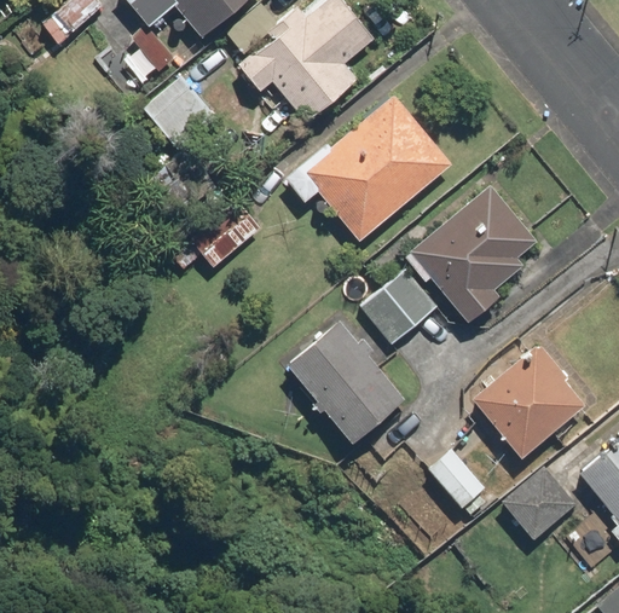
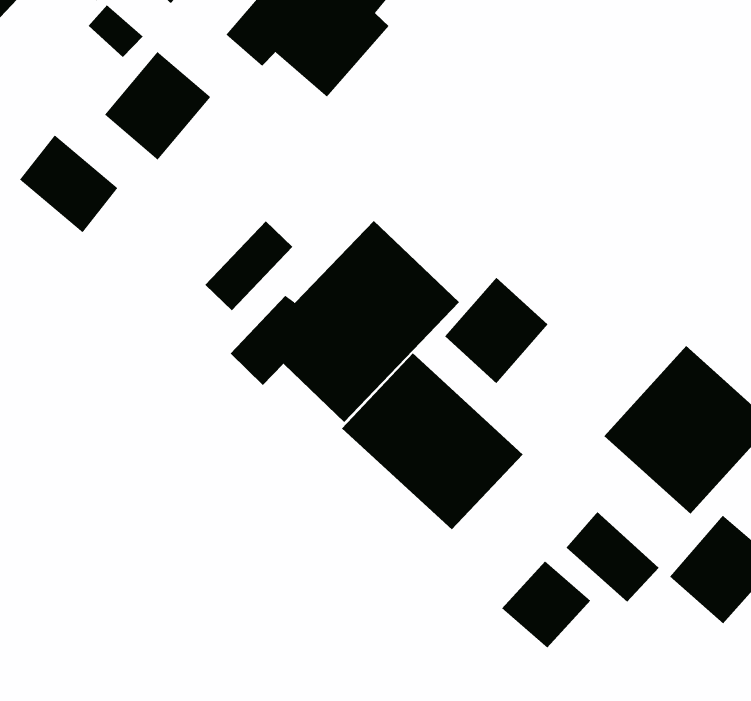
building: [280,97,451,239] -> [230,220,460,423]
building: none -> [19,135,118,233]
building: [407,185,536,325] -> none
building: none -> [501,560,591,649]

